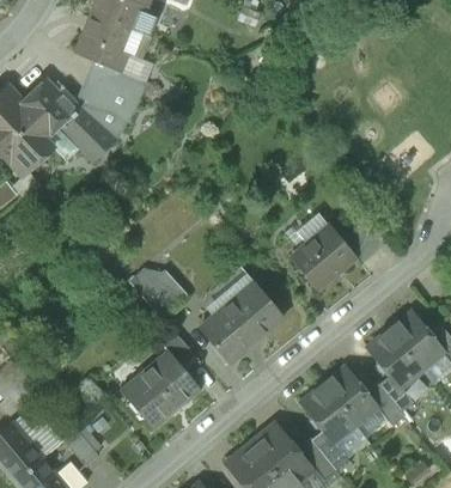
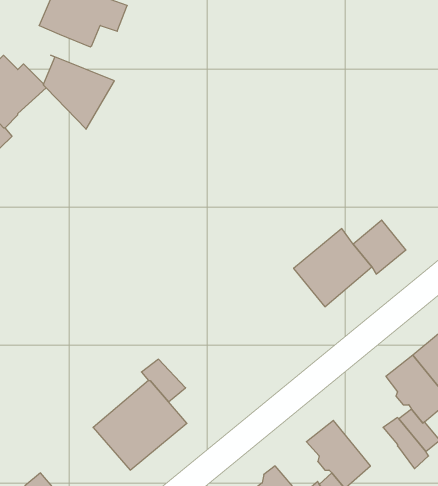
building: [85,61,146,100] -> none
building: [57,106,116,163] -> none
building: [140,272,187,318] -> none
building: [200,283,284,364] -> none
building: [323,368,377,425] -> none

